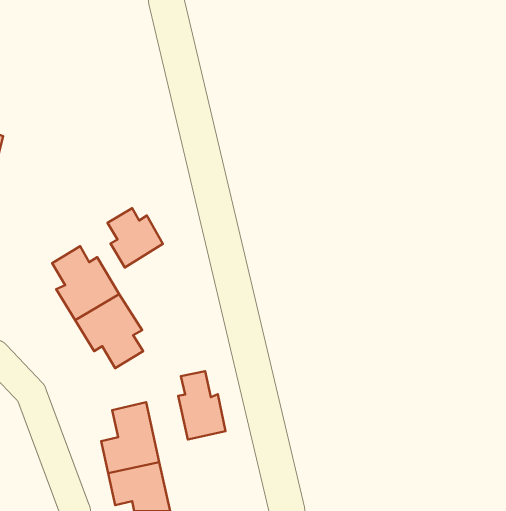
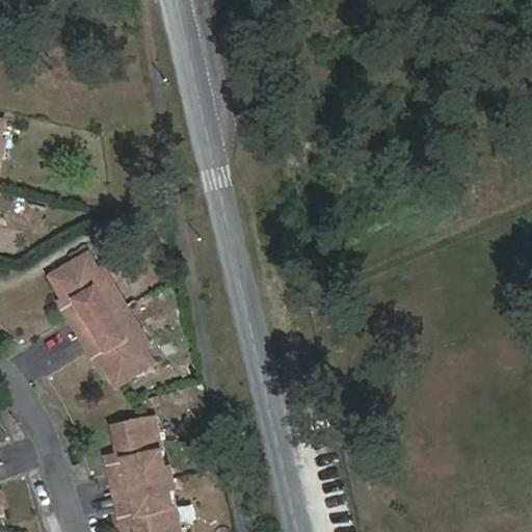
building: [107,208,163,267] -> none
building: [178,371,226,440] -> none

